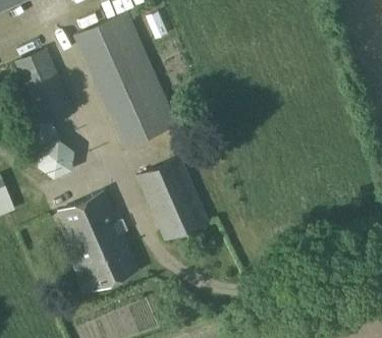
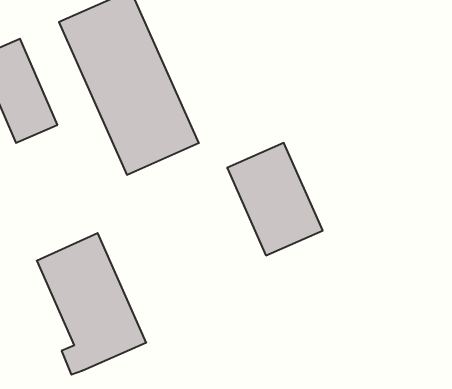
building: [38,140,75,178] -> none
building: [138,158,208,240] -> [227,143,323,255]

